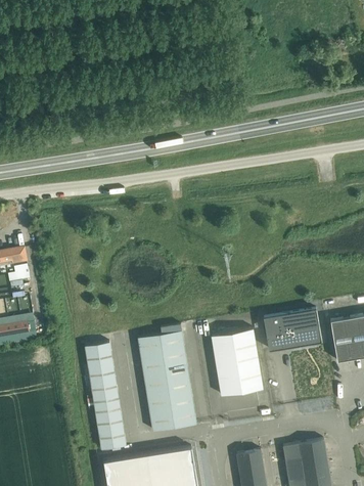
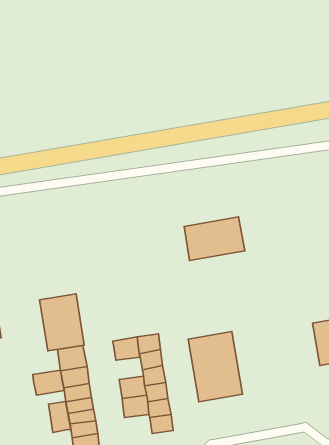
building: none -> [40,294,84,351]
building: [264,308,322,350] -> [184,217,245,260]
building: [141,353,168,374] -> none
building: none -> [33,370,64,395]
building: none -> [48,402,71,433]
building: [149,408,176,431] -> none

